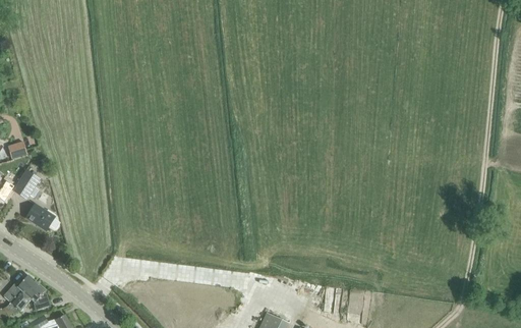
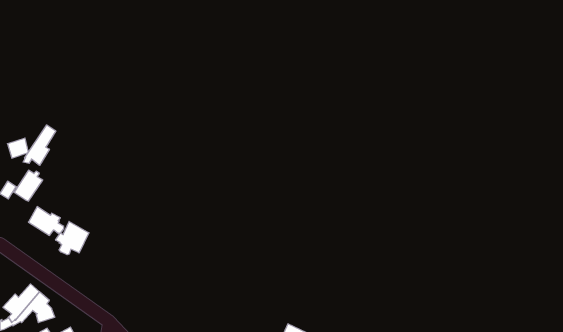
building: none -> [23,125,56,165]
building: none -> [56,221,89,255]

